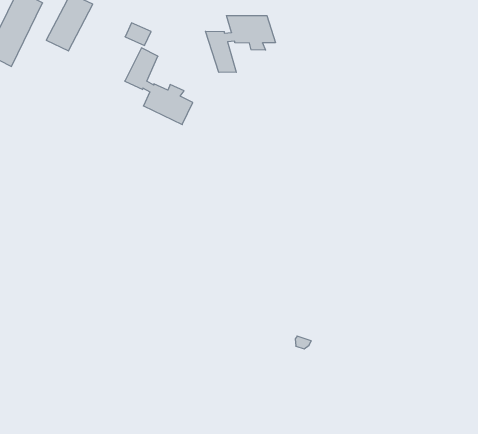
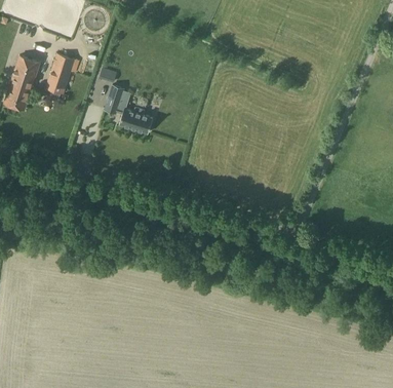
building: [205,16,275,72] -> none

